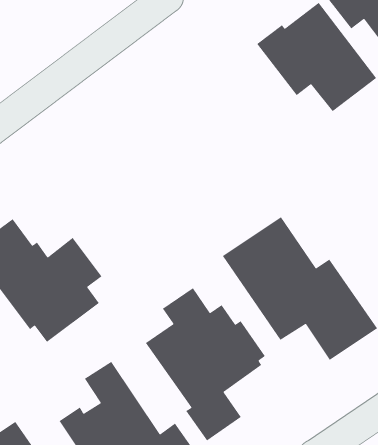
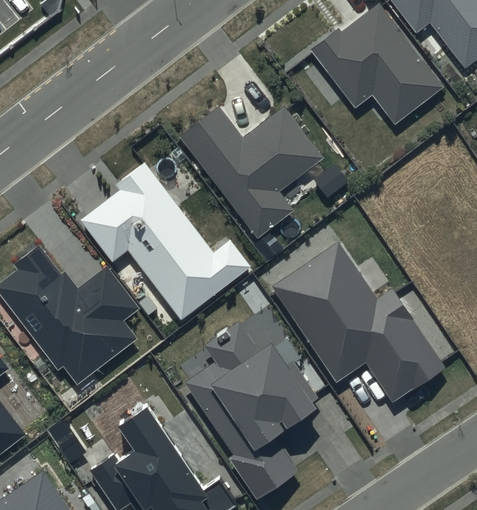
building: none -> [177,106,323,239]
building: none -> [80,162,251,320]

